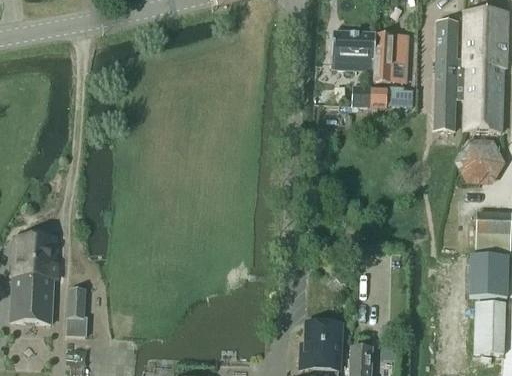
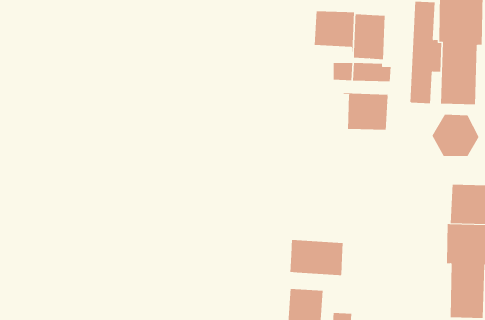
building: none -> [343,93,388,131]
building: [9,235,55,320] -> none
building: none -> [290,239,344,276]
building: [66,287,86,334] -> none

